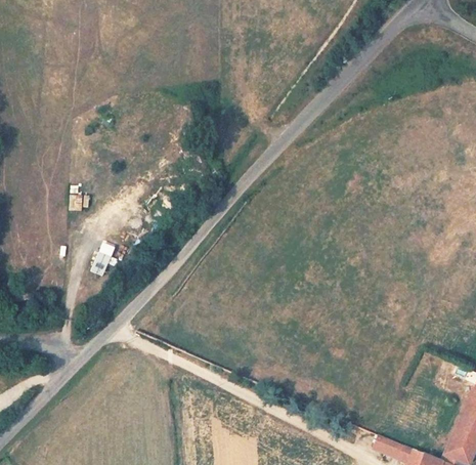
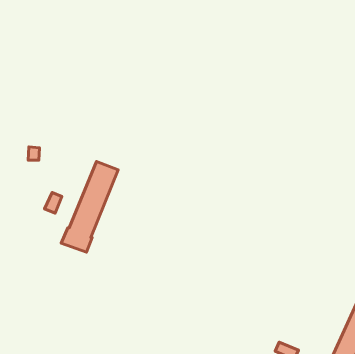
building: none -> [61,162,118,252]

